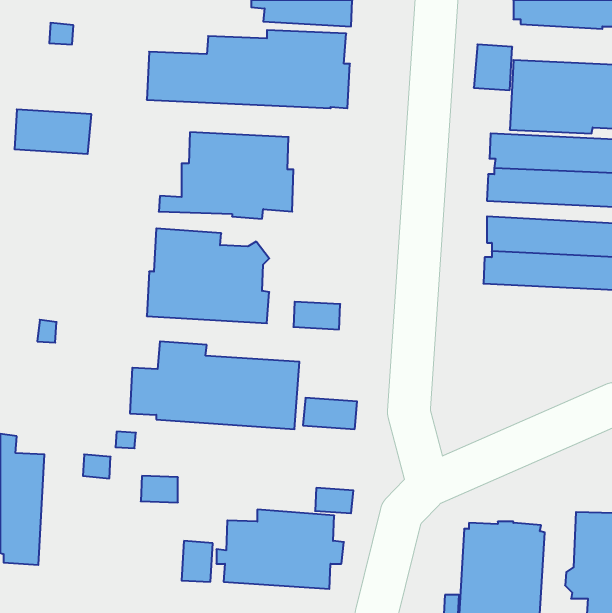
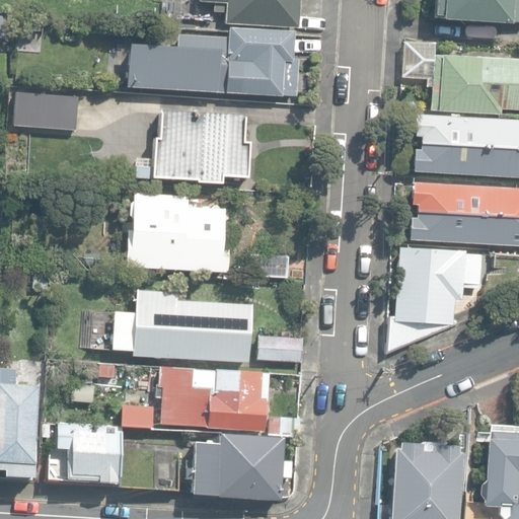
building: none -> [386,249,483,355]
building: none -> [155,364,268,429]
building: none -> [57,425,122,486]

